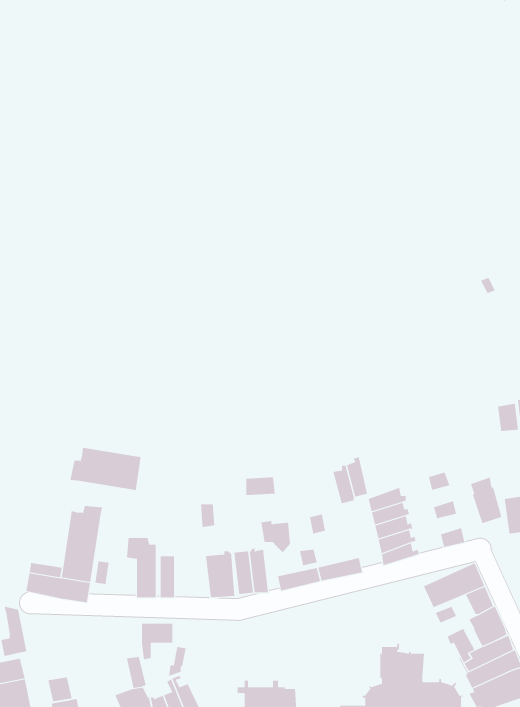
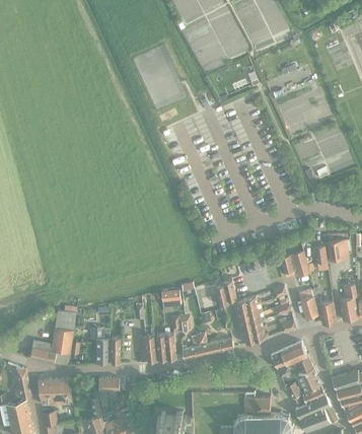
building: none -> [279,250,308,276]
building: [70,447,141,491] -> none
building: none -> [35,377,71,404]

